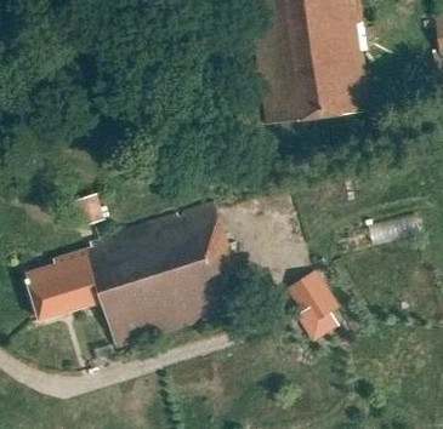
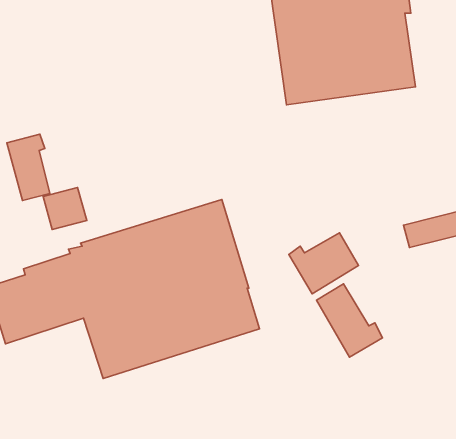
building: none -> [7,134,50,200]
building: none -> [289,233,358,294]

